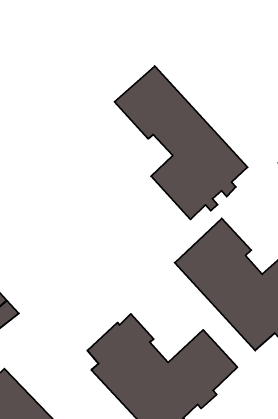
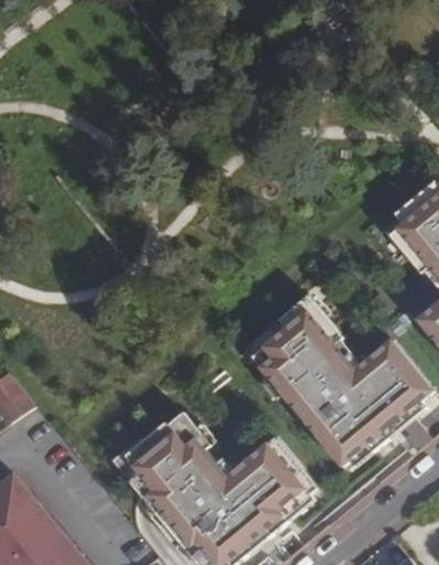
building: [115,66,248,219] -> none

